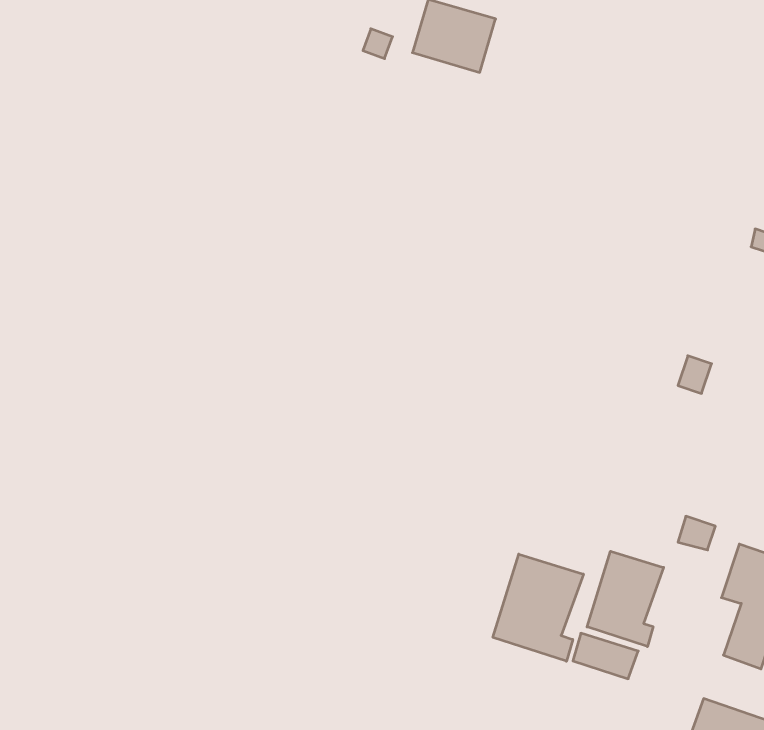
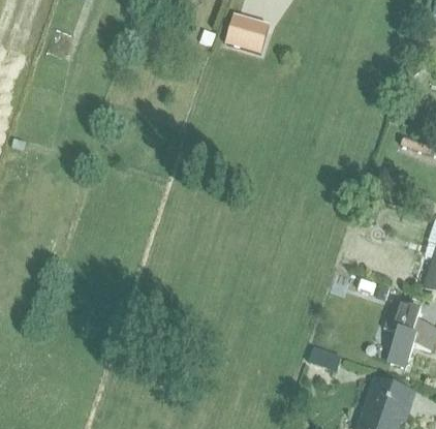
building: [587,551,664,647] -> none
building: [493,554,583,661] -> none

